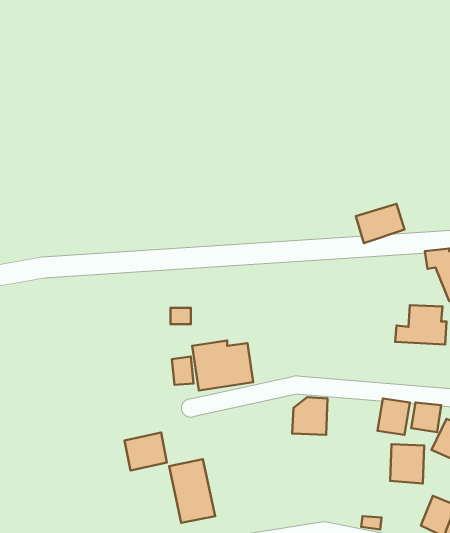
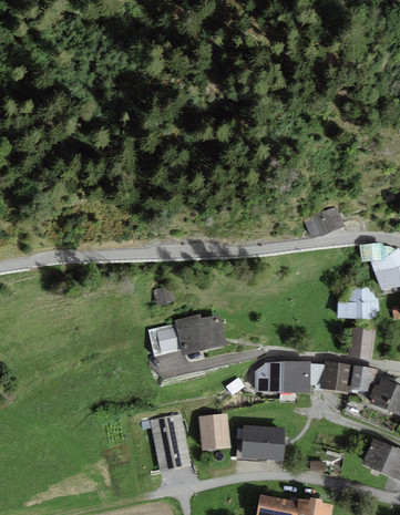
building: none -> [347,329,375,360]
building: [124,433,167,470] -> none
building: [390,444,424,484] -> [279,364,307,396]
building: none -> [201,414,228,446]
building: none -> [245,425,281,454]

